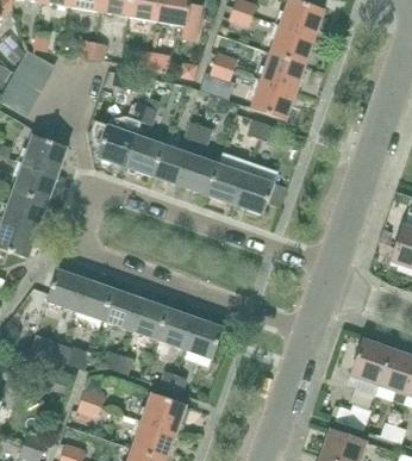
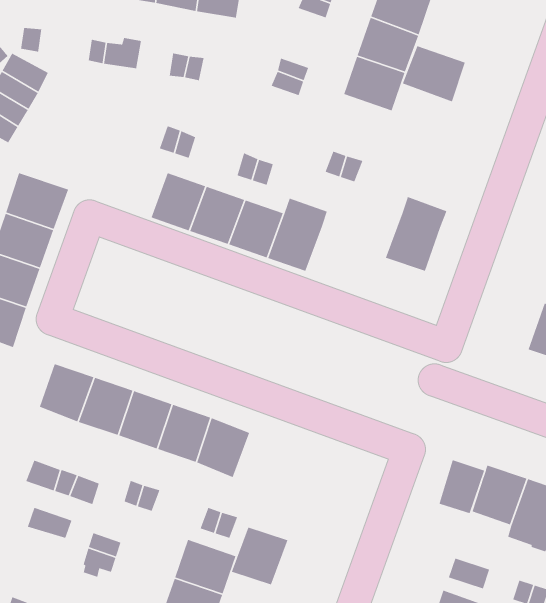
building: [250,79,295,119] -> [402,45,466,103]
building: [96,124,137,166] -> none
building: [235,160,279,213] -> [385,196,447,272]
building: [183,317,224,359] -> [231,526,288,586]
building: none -> [439,459,485,514]

